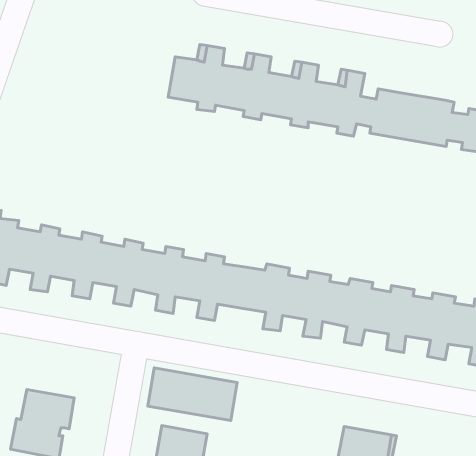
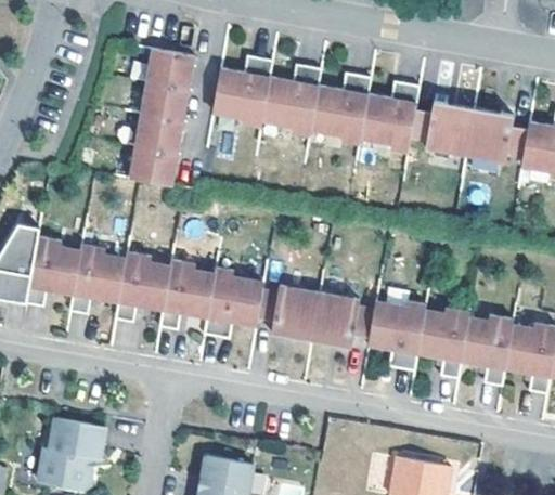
building: none -> [128,49,194,184]
building: [148,368,237,421] -> none

